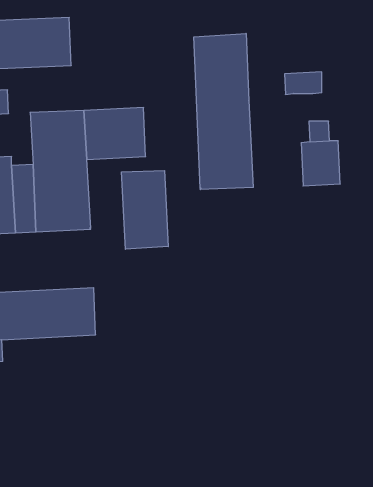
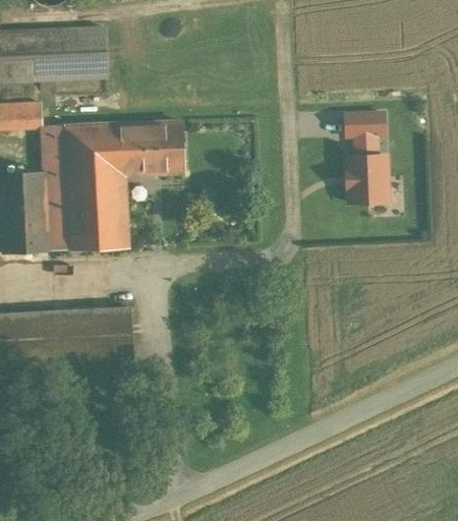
building: [194,33,253,190] -> none
building: [285,72,322,94] -> [346,112,385,135]
building: none -> [43,125,68,180]
building: [122,171,168,249] -> none

